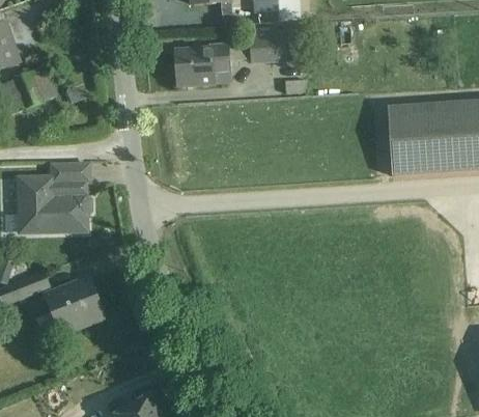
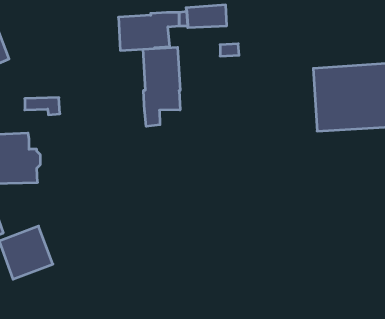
building: none -> [143,47,180,126]
building: [51,164,89,183] -> [25,98,60,115]

